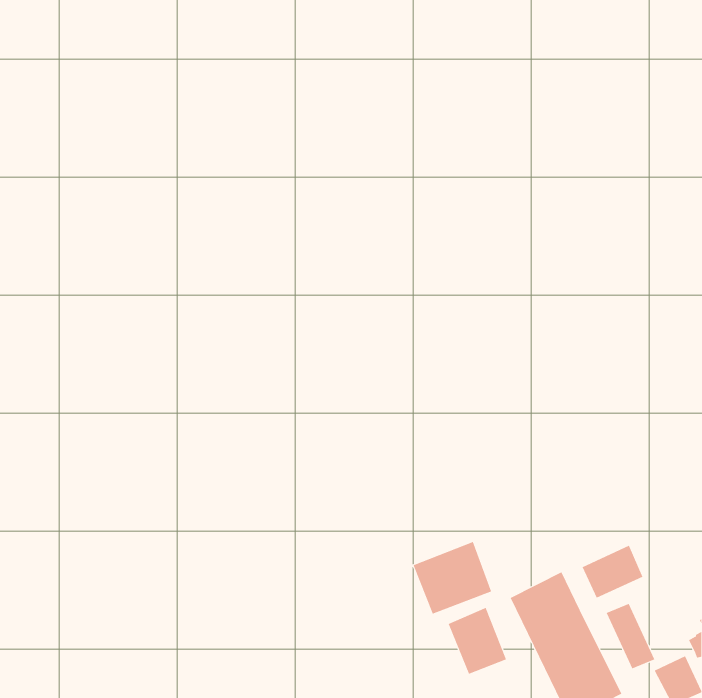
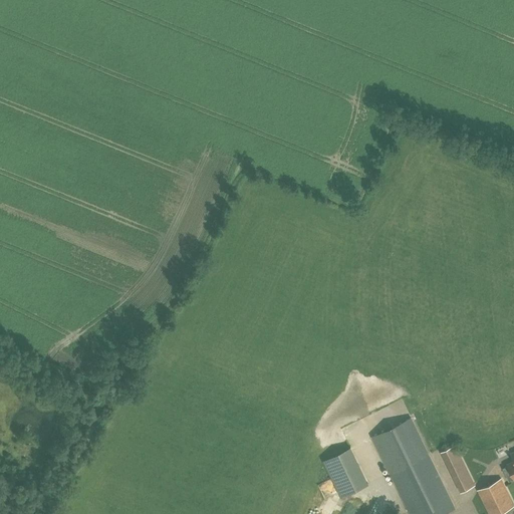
building: [413,541,492,614] -> none
building: [582,545,643,598] -> none

